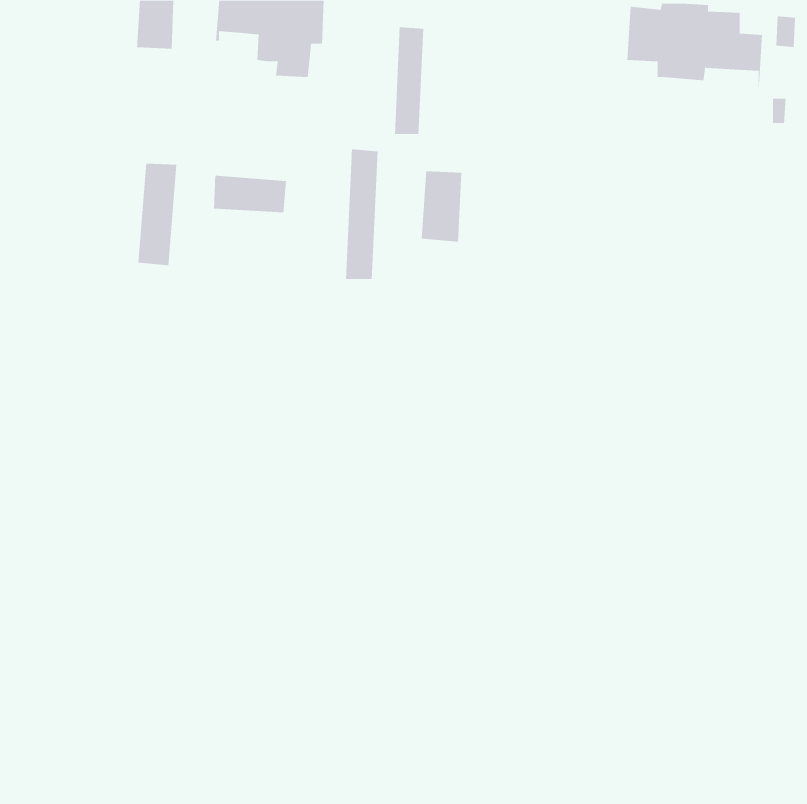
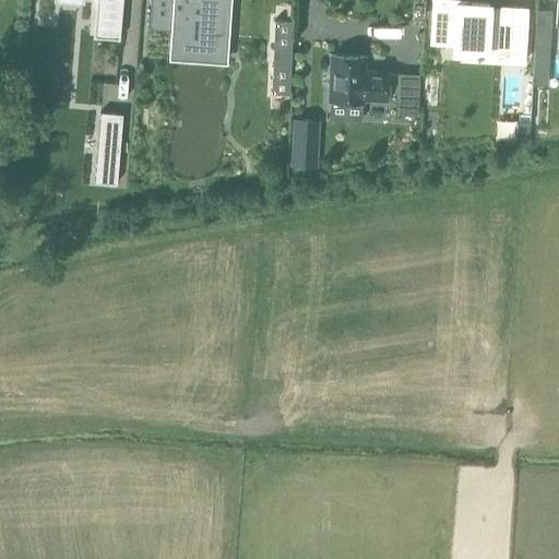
building: none -> [331,57,415,107]
building: [345,148,378,280] -> none
building: [214,175,286,213] -> none

